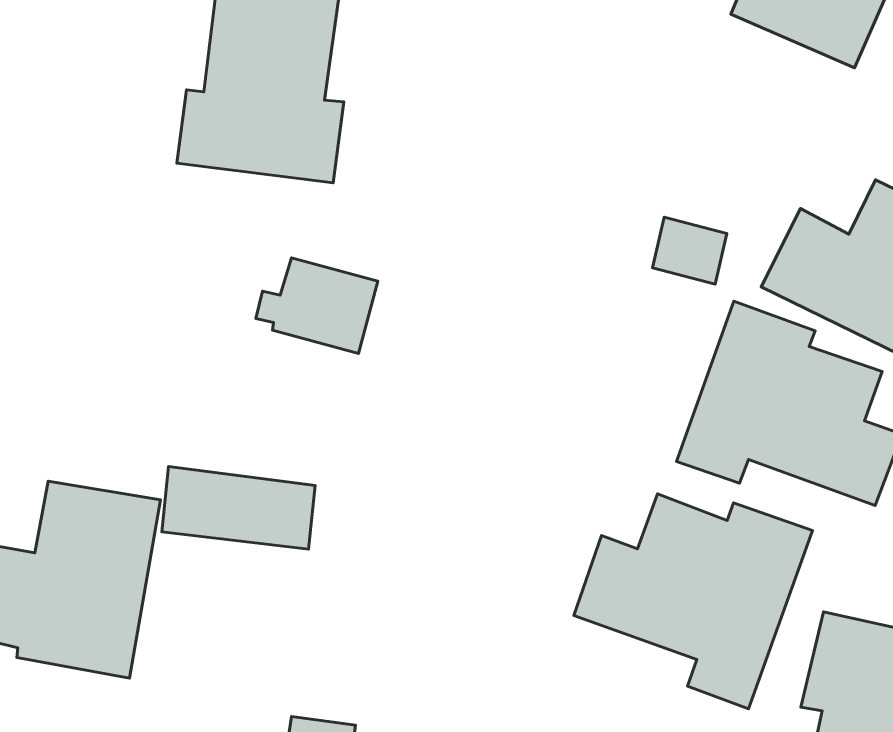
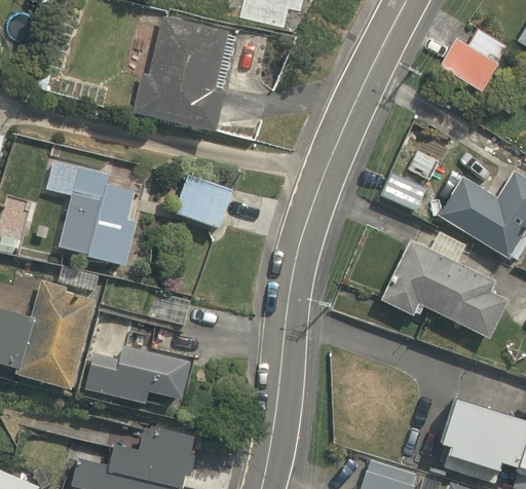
building: none -> [40,161,141,268]
building: [574,494,812,709] -> none
building: none -> [84,344,187,406]

